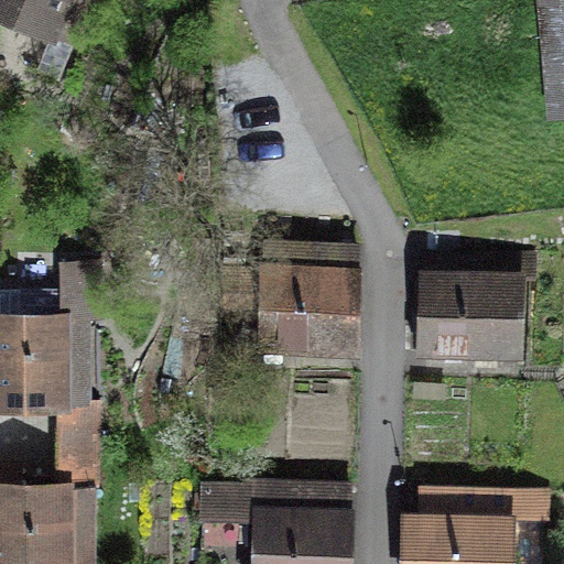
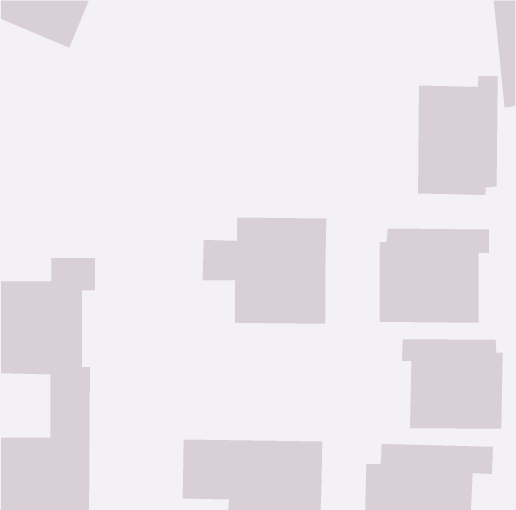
building: none -> [417,75,498,196]
building: none -> [402,338,503,430]

